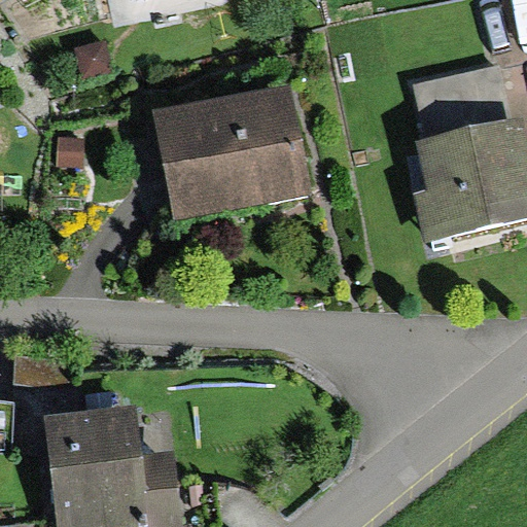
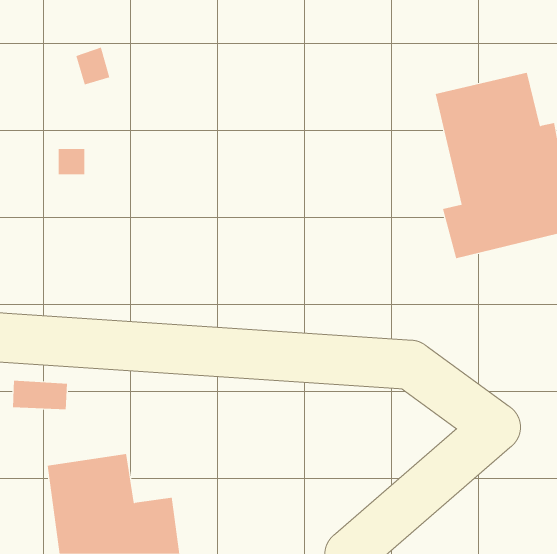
building: [153,82,317,216] -> none

